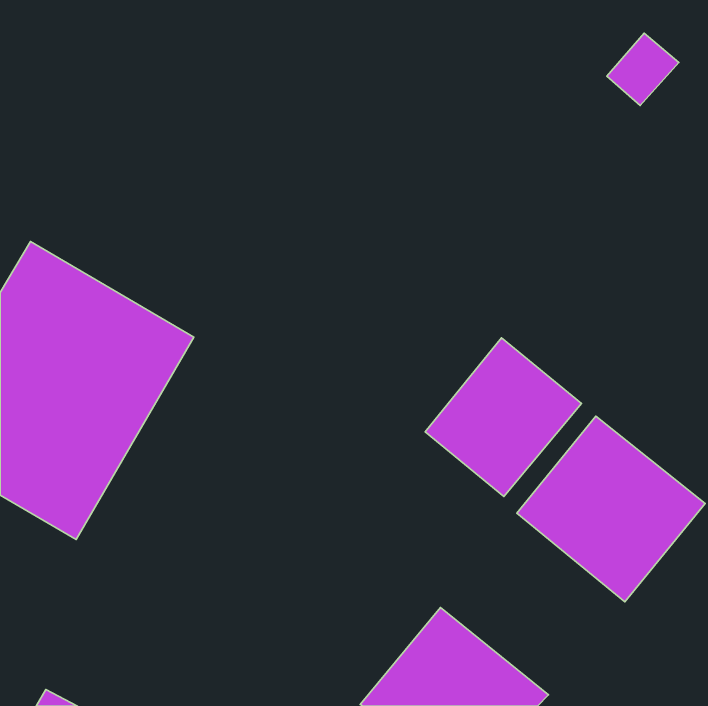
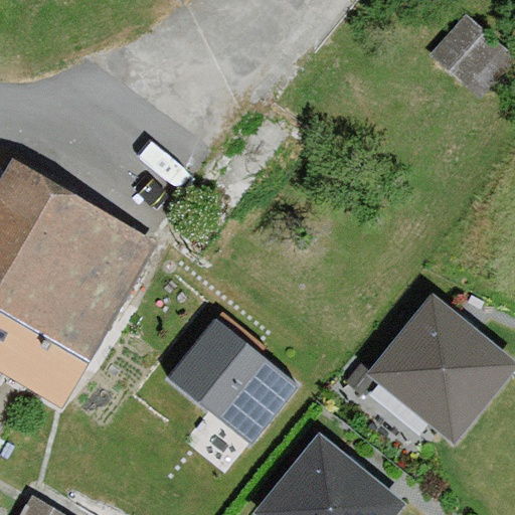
building: [425,338,581,497] -> none
building: none -> [168,319,297,443]

